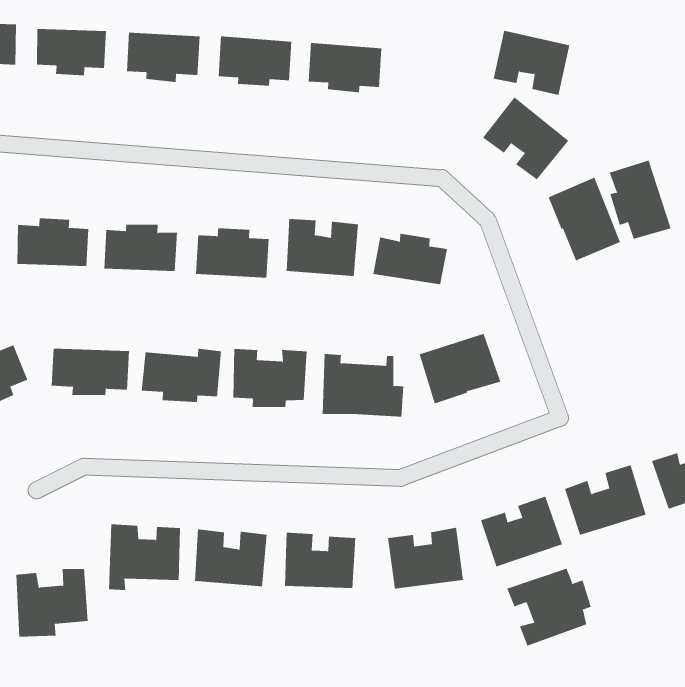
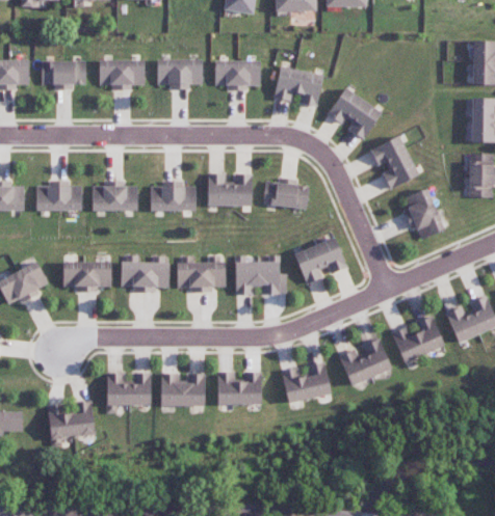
building: [493,30,570,96] -> [275,67,322,107]
building: [609,160,671,239] -> [402,188,444,239]
building: [507,568,591,646] -> none

